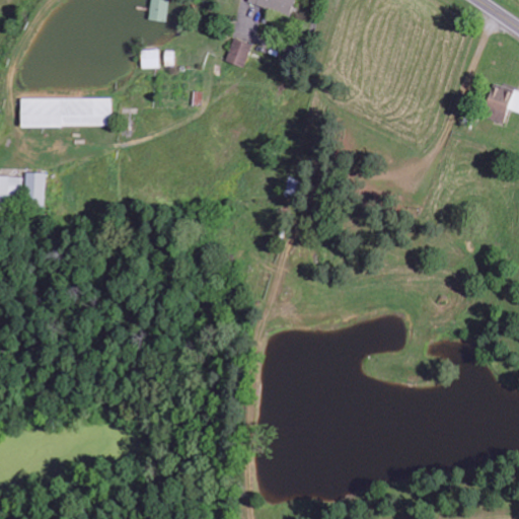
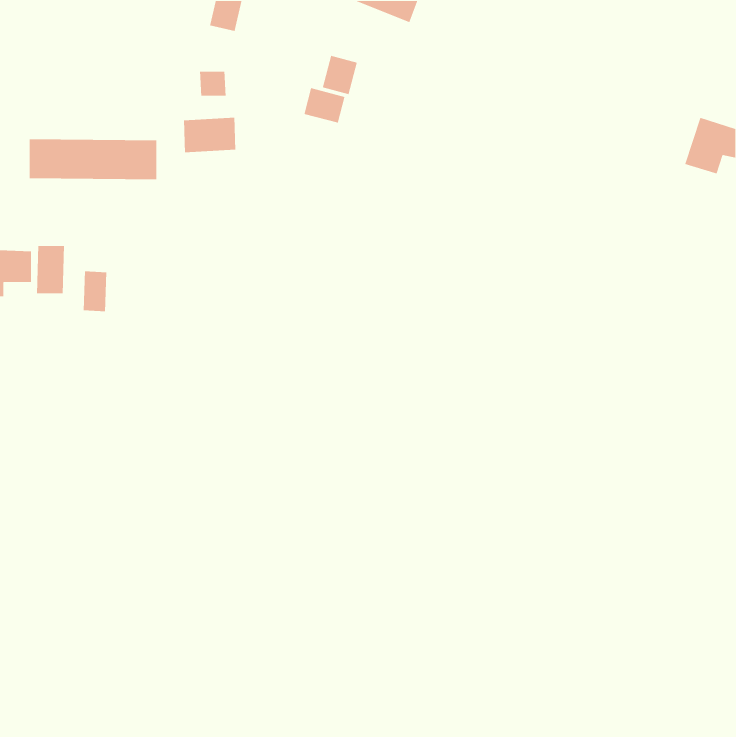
building: none -> [304,87,345,123]
building: none -> [183,117,236,153]
building: none -> [83,271,107,312]

